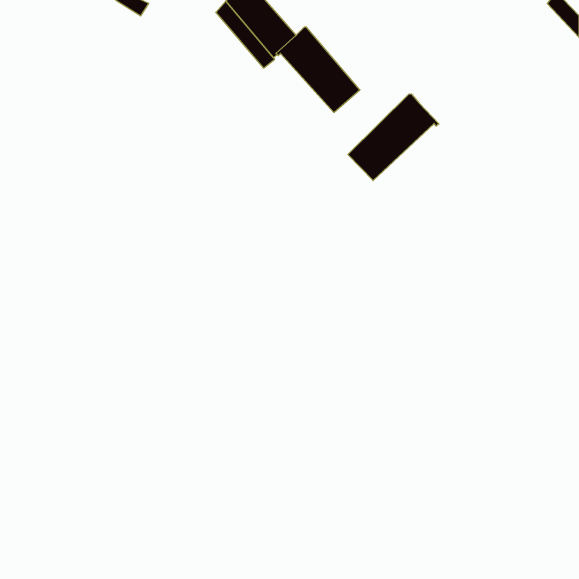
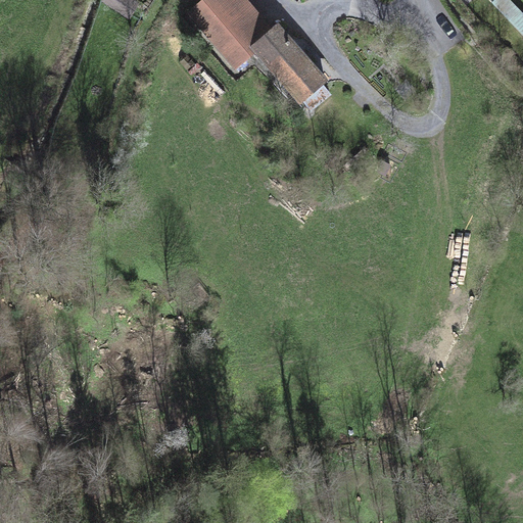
building: [348,94,439,181] -> none

